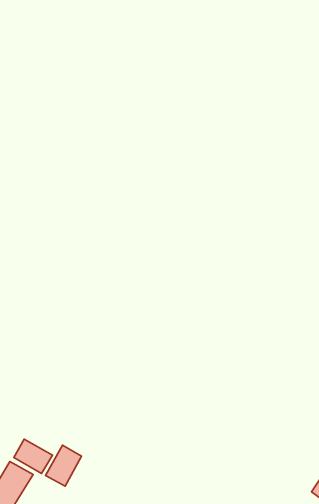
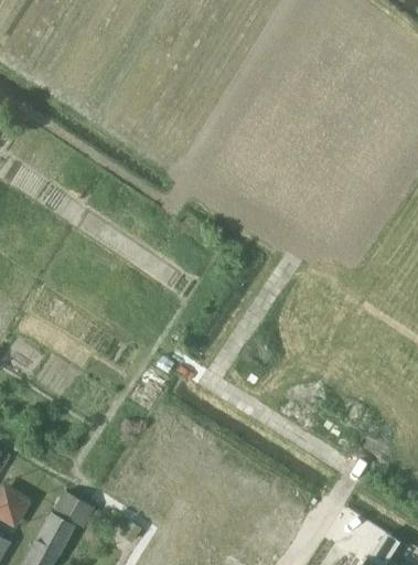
building: [45,445,81,486] -> none

